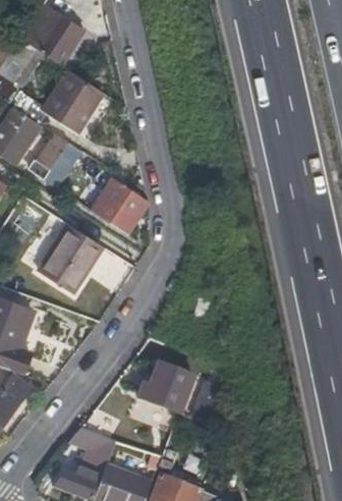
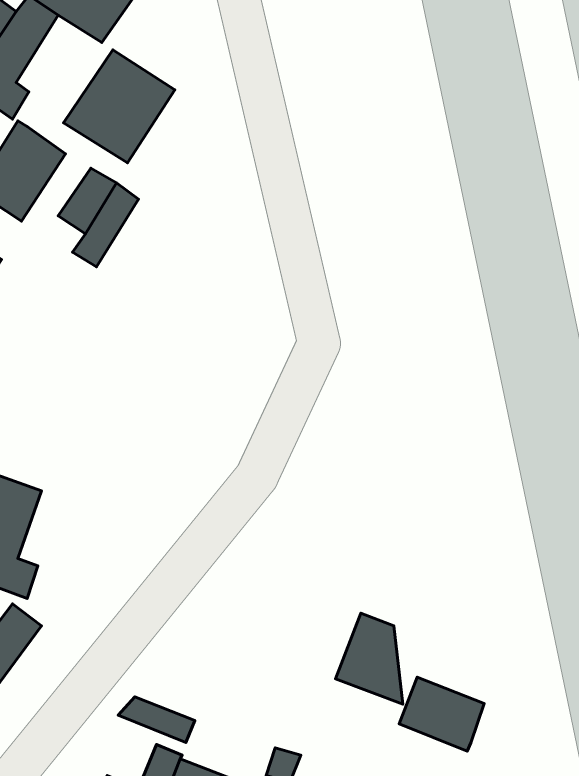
building: [92,177,149,233] -> none
building: [41,224,103,291] -> none
building: [138,363,192,413] -> none
building: none -> [399,677,484,751]

